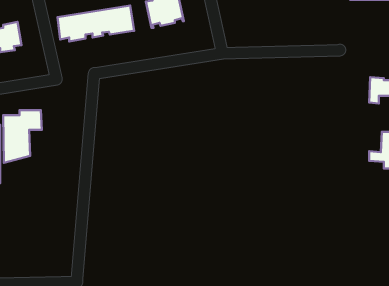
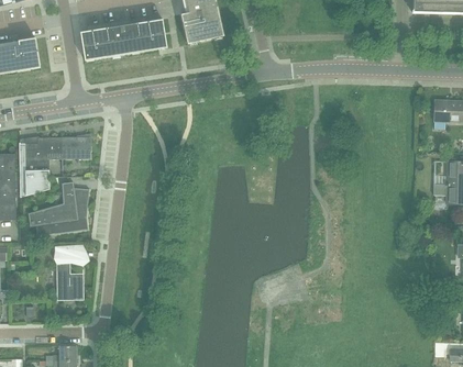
building: none -> [62,135,90,158]
building: none -> [29,180,89,235]
building: none -> [56,246,84,299]

